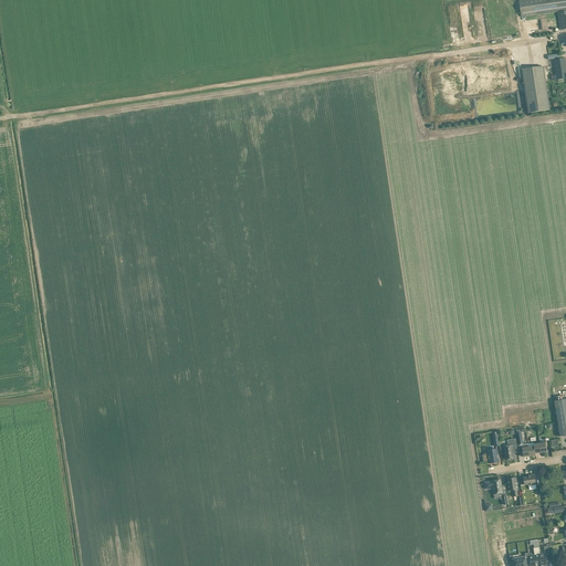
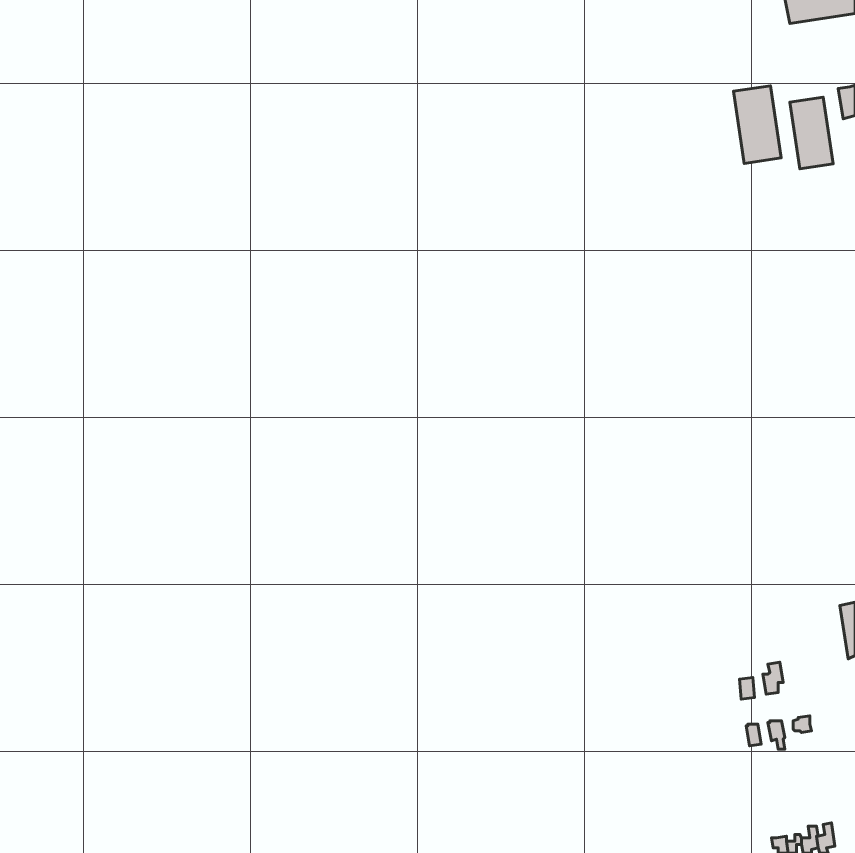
building: none -> [733,86,781,164]

